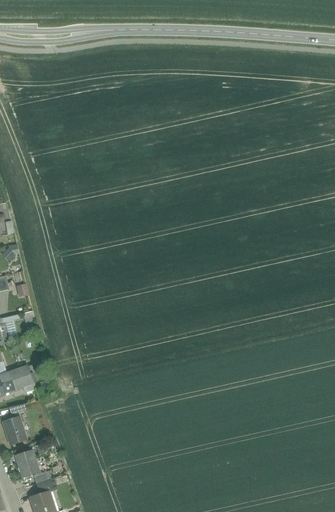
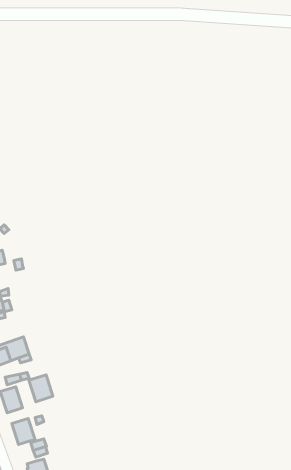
building: none -> [29,375,53,402]

